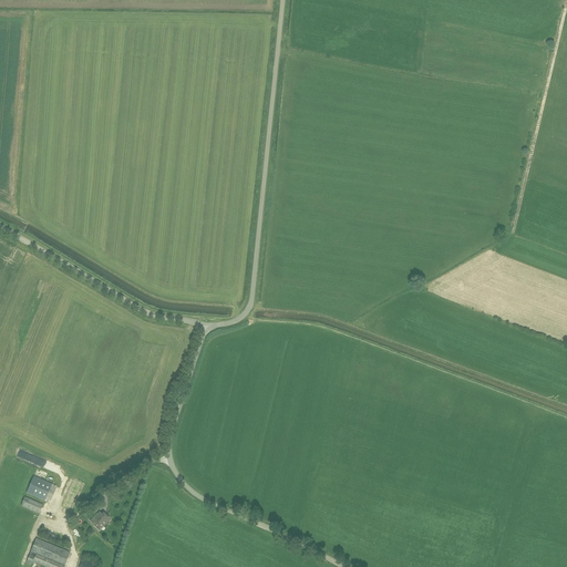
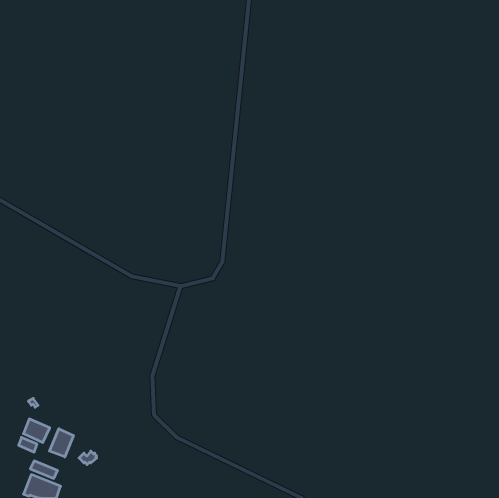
building: none -> [49,429,73,457]

